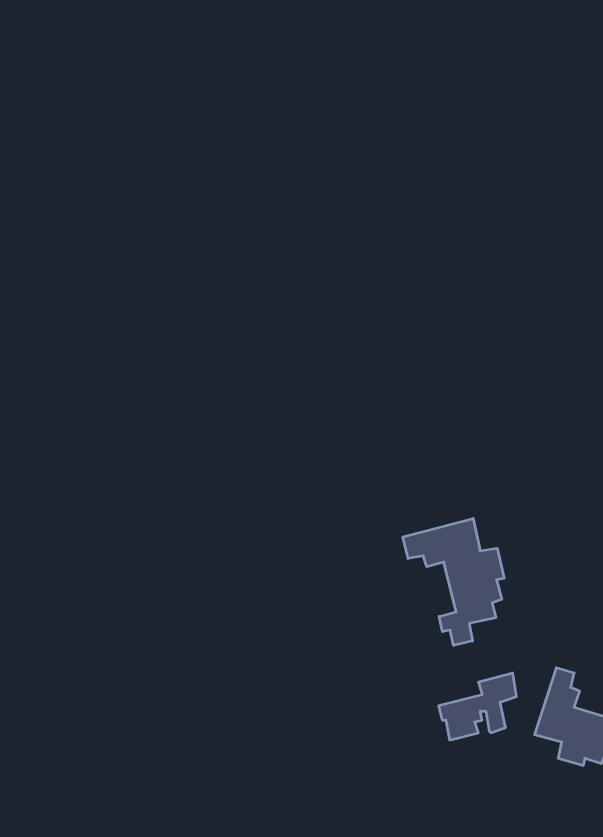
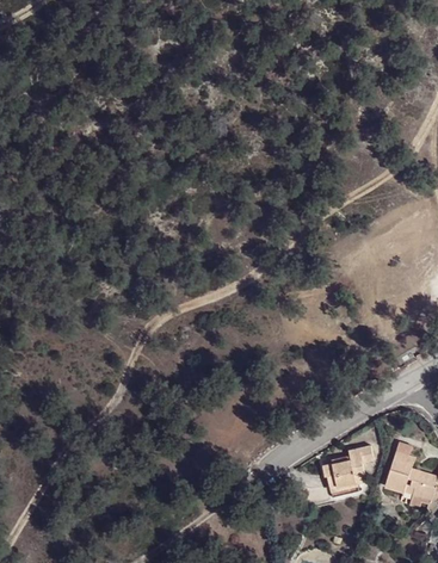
building: [403,518,504,645] -> none

